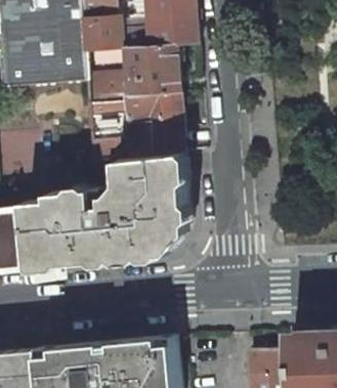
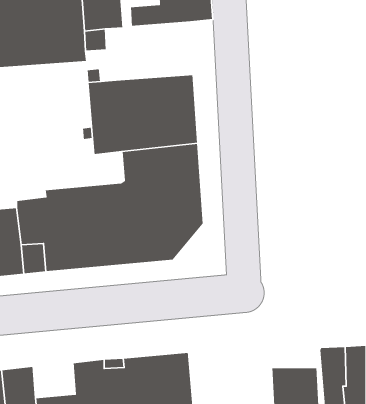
building: [113,47,181,98] -> none
building: [41,346,78,377] -> none

